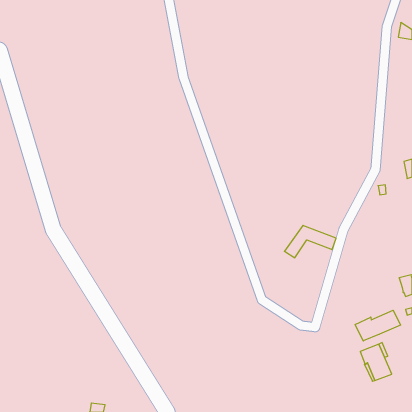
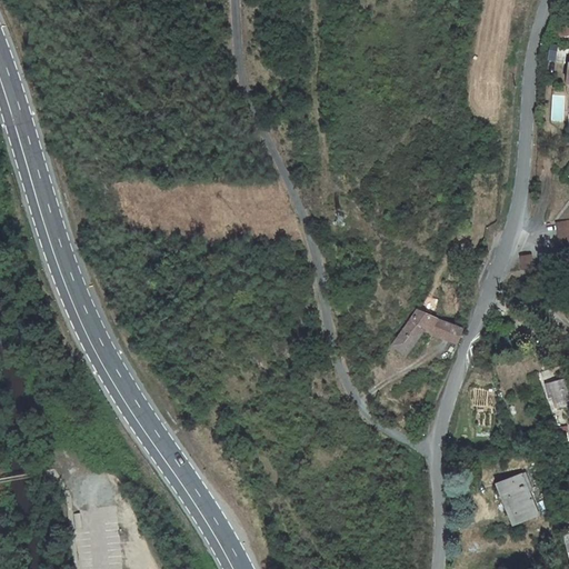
building: [355,310,400,341] -> none

